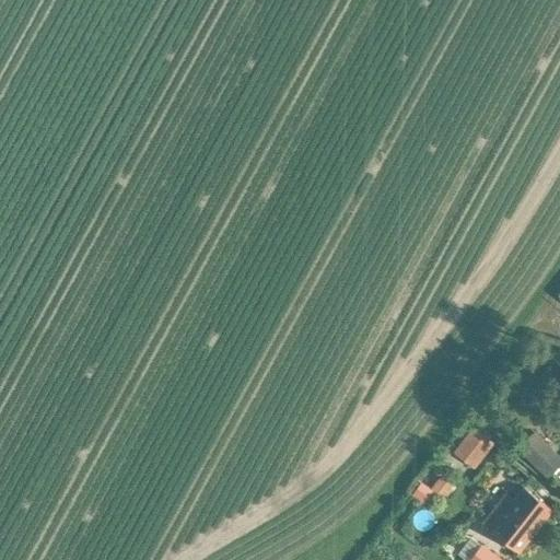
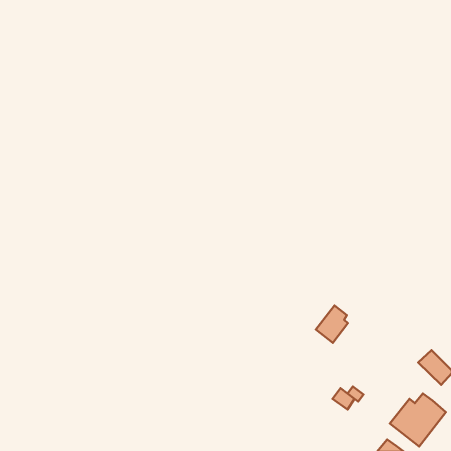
building: [454,420,493,466] -> [316,306,348,343]

